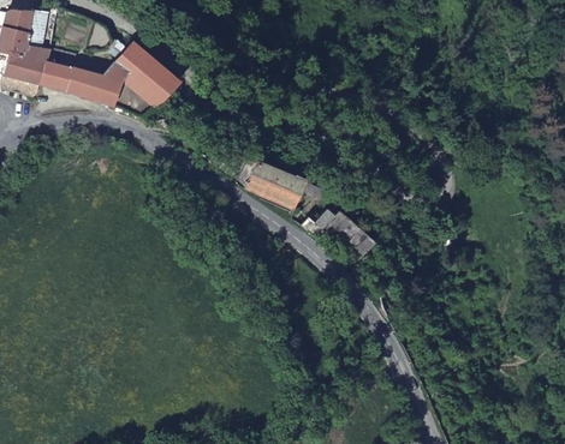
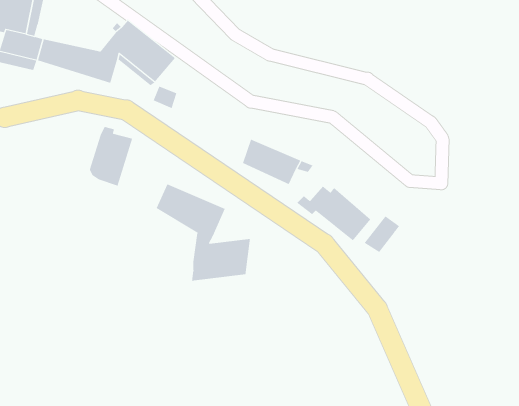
building: none -> [89,126,133,186]
building: none -> [156,183,250,281]
building: none -> [364,215,400,253]

